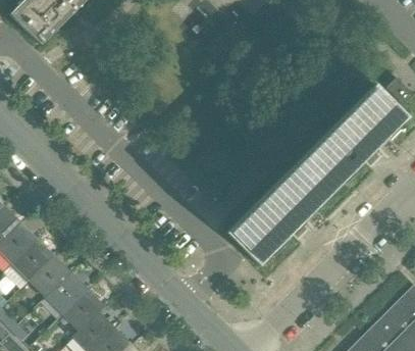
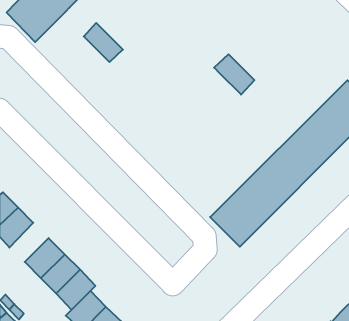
building: none -> [84,23,123,62]
building: none -> [214,54,254,95]
building: [12,239,54,281] -> none

